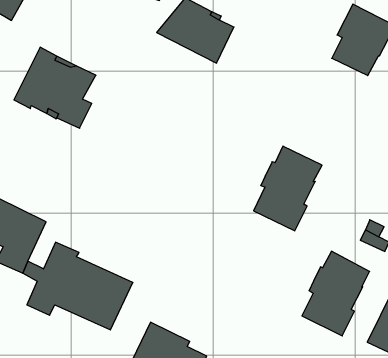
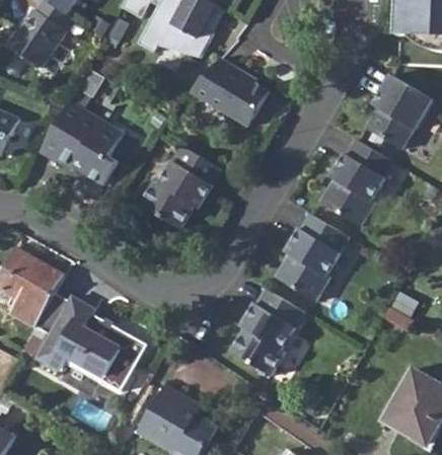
building: none -> [319,140,392,227]
building: none -> [142,146,221,229]
building: [302,251,370,336] -> [230,289,302,376]

